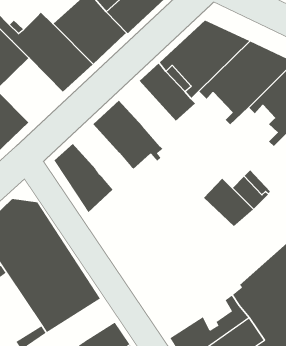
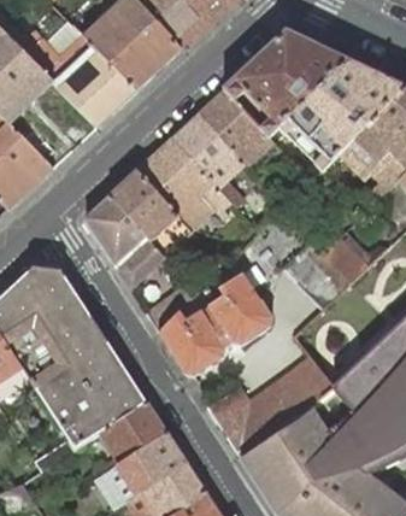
building: none -> [171,111,253,198]
building: none -> [110,169,187,256]
building: none -> [158,274,272,374]
building: none -> [207,356,334,453]
building: none -> [104,400,166,458]

